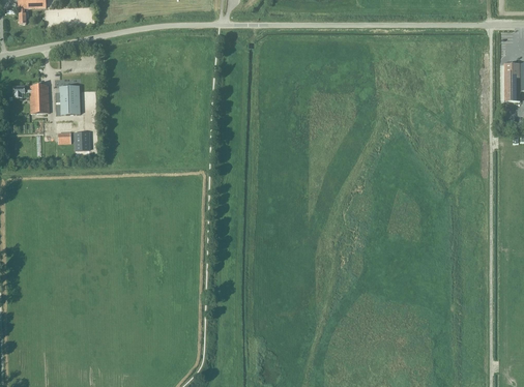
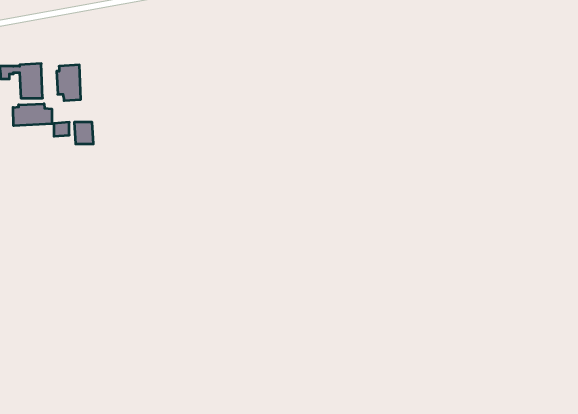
building: none -> [13,104,52,126]

